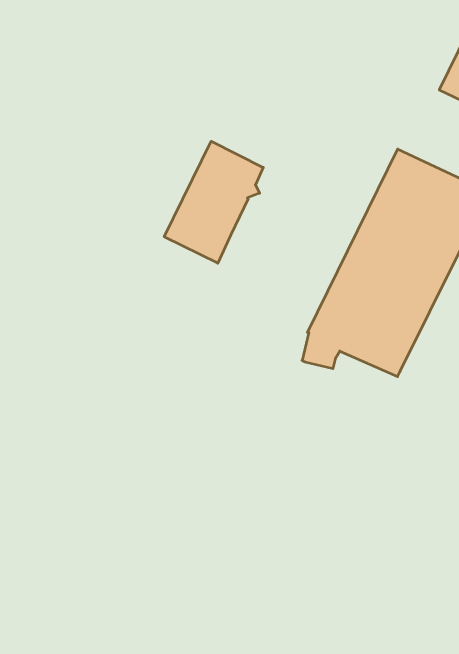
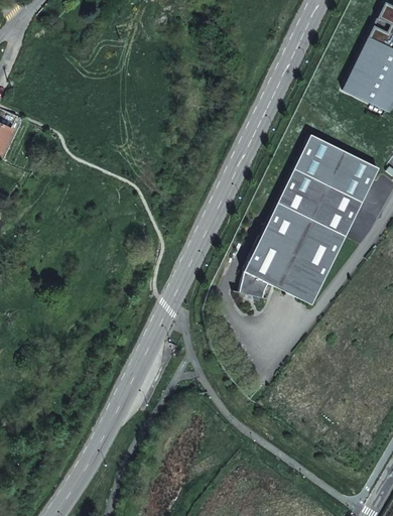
building: [164,141,263,263] -> none

